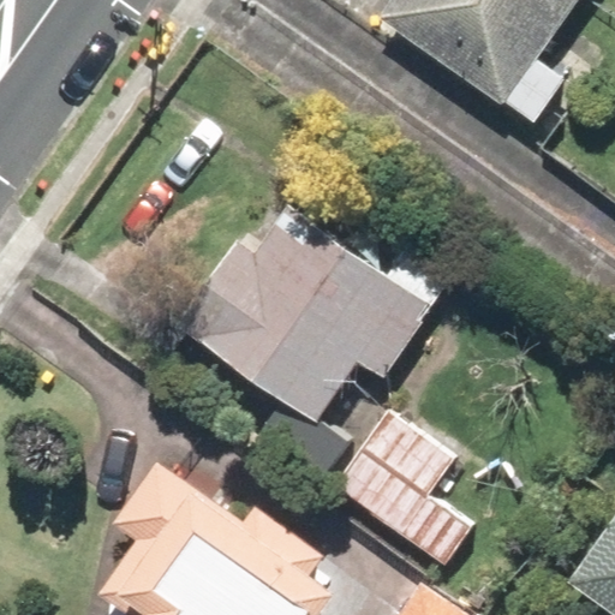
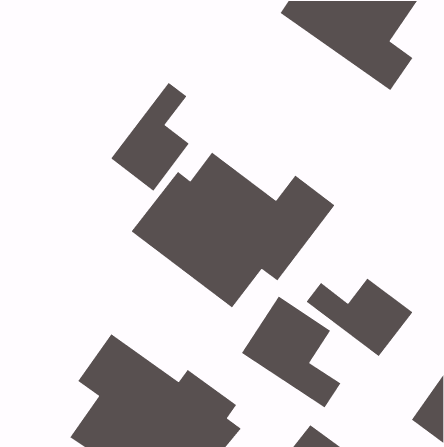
building: none -> [110,82,190,192]
building: none -> [306,277,413,357]

